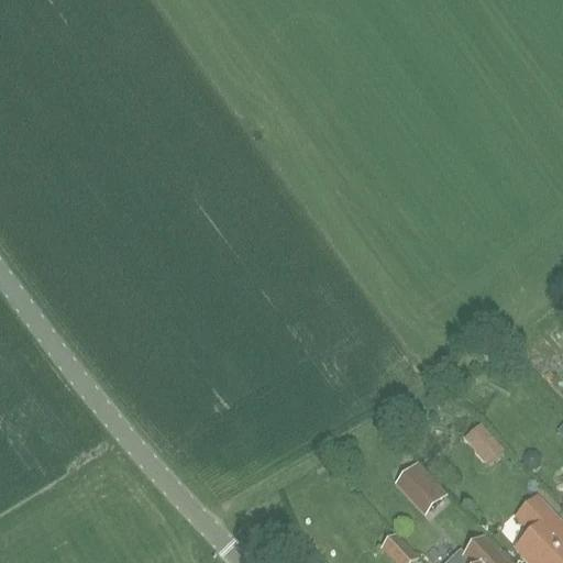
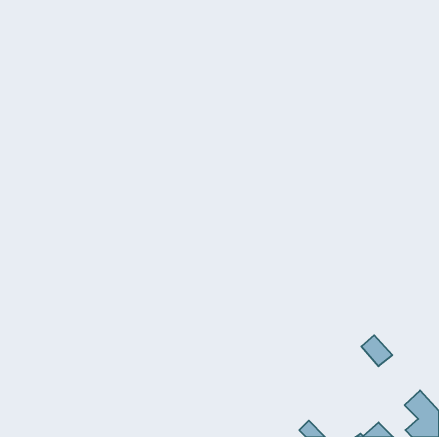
building: [400,463,444,509] -> none

